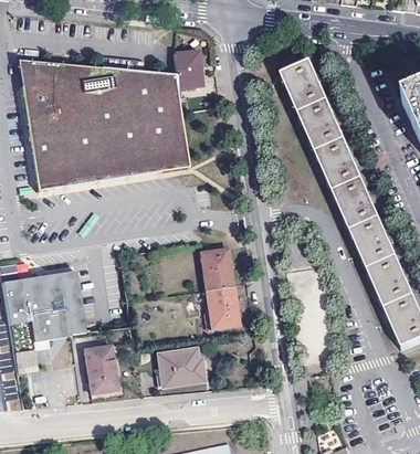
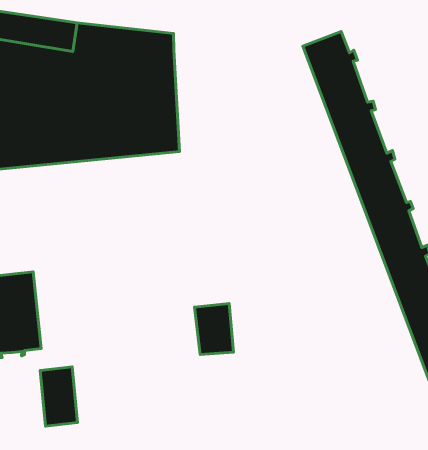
building: [175,49,202,85] -> none
building: [200,247,233,289] -> none
building: [158,348,204,384] -> none

